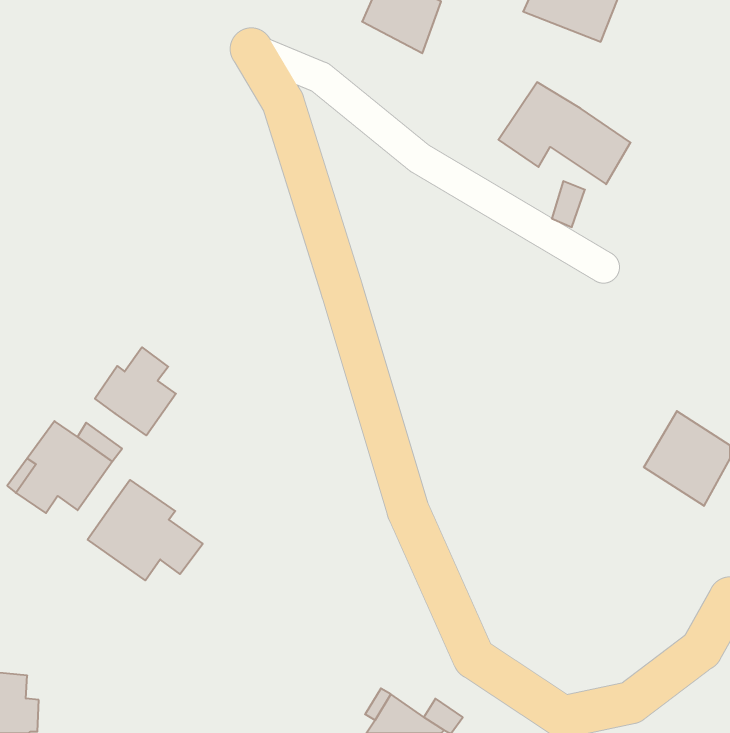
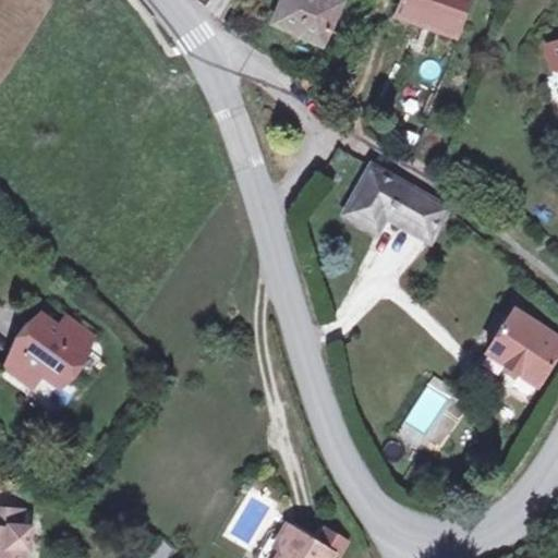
building: [498,82,631,184] -> [343,167,444,244]
building: [95,347,176,435] -> none
building: [88,480,203,580] -> none

